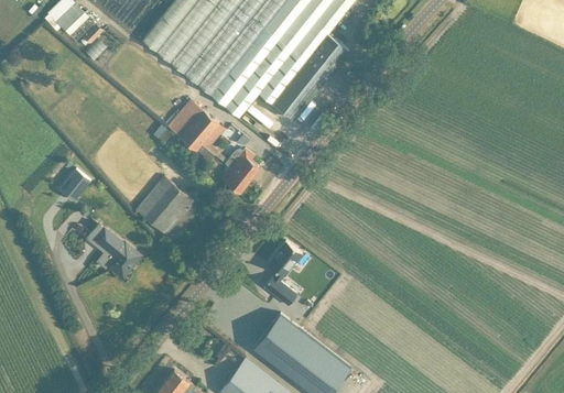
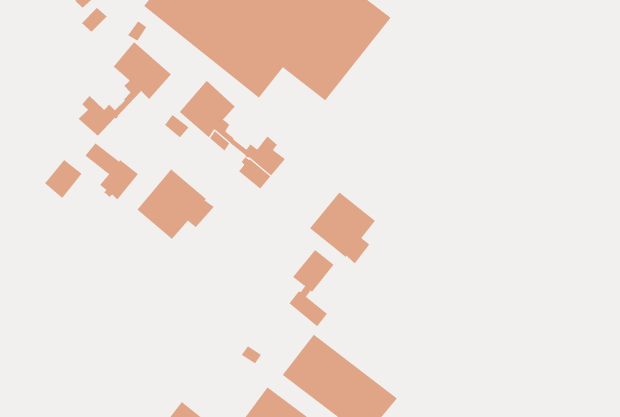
building: none -> [78,41,172,137]
building: none -> [309,191,376,264]
building: [93,228,138,276] -> [85,142,139,201]

